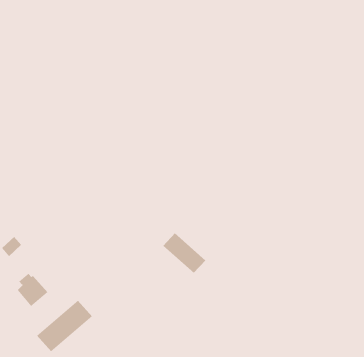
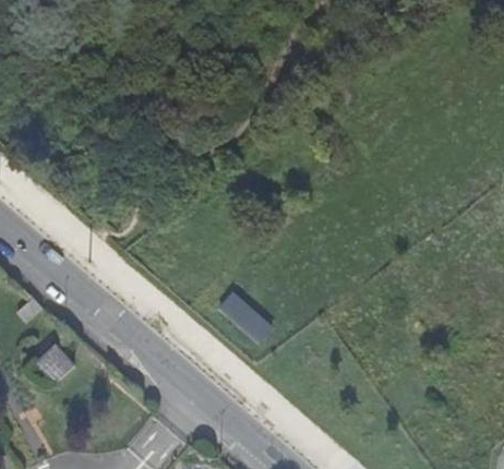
building: [36,300,93,352] -> none

